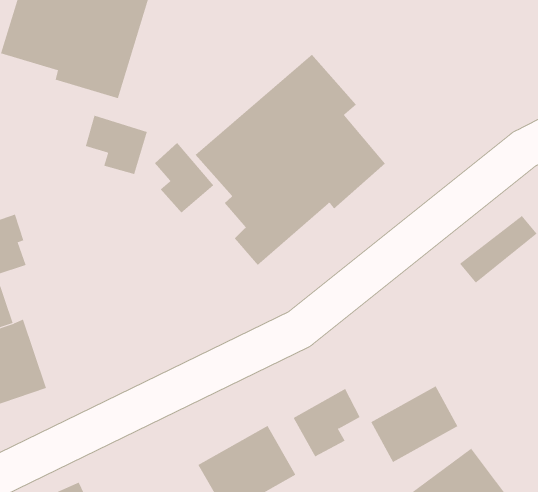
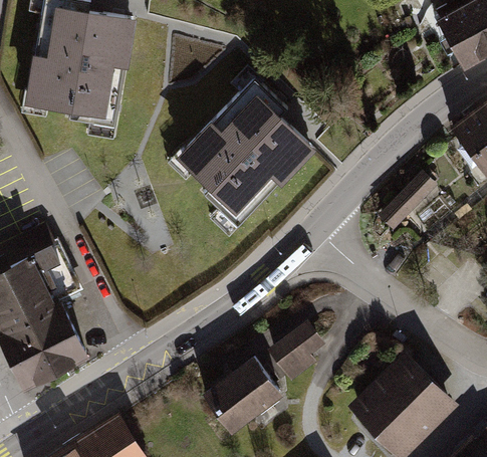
building: [85,115,148,175] -> none
building: [154,142,214,213] -> none
building: [371,386,458,463] -> none

